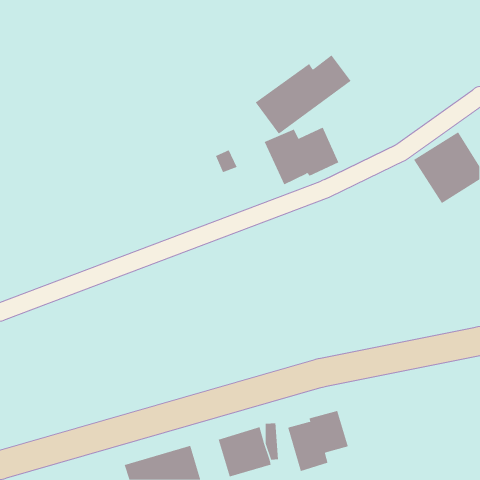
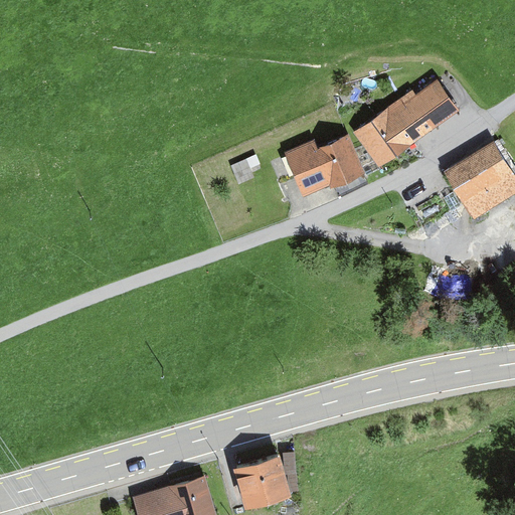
building: [255,55,352,134] -> [354,82,458,168]
building: [287,410,348,472] -> none

